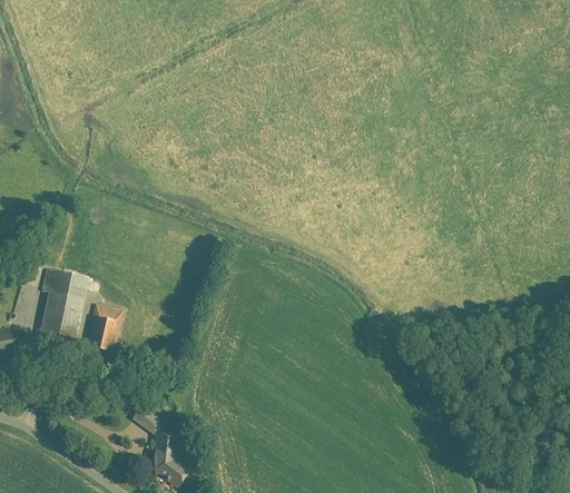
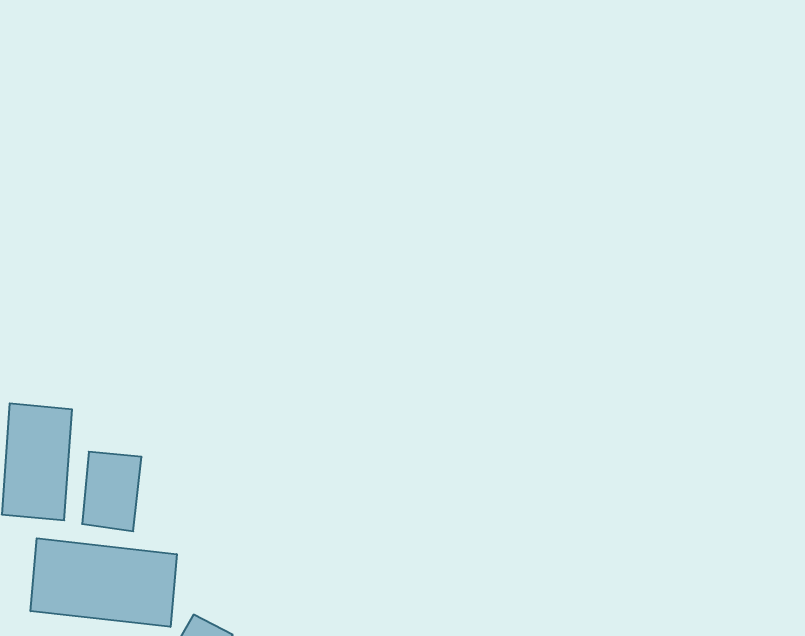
building: none -> [31,538,177,627]

